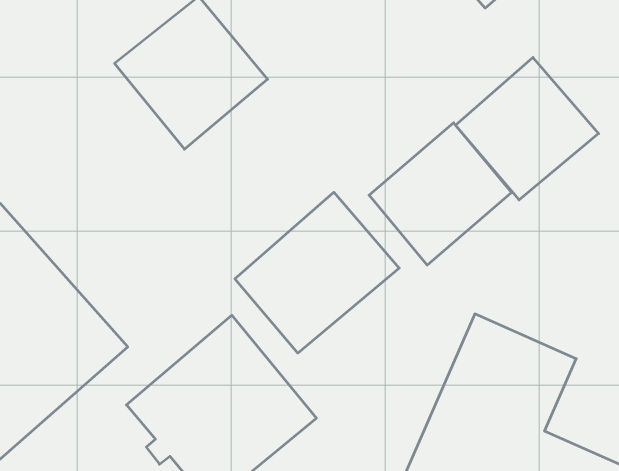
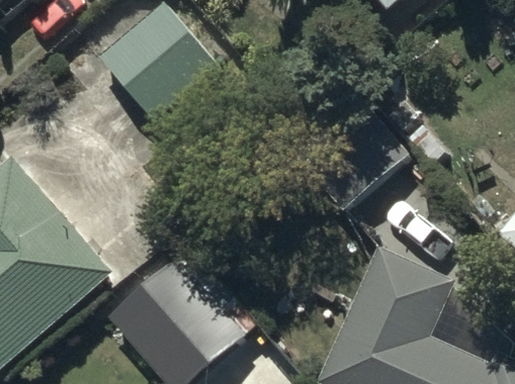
building: [456,57,599,200] -> none
building: [235,192,399,353] -> none

